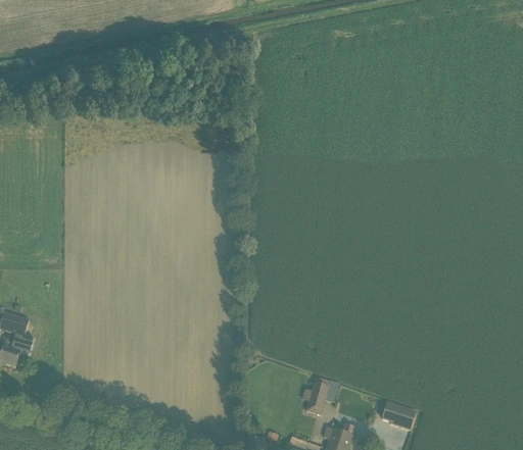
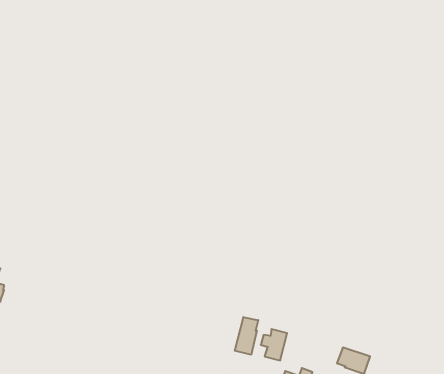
building: none -> [235,317,258,355]

